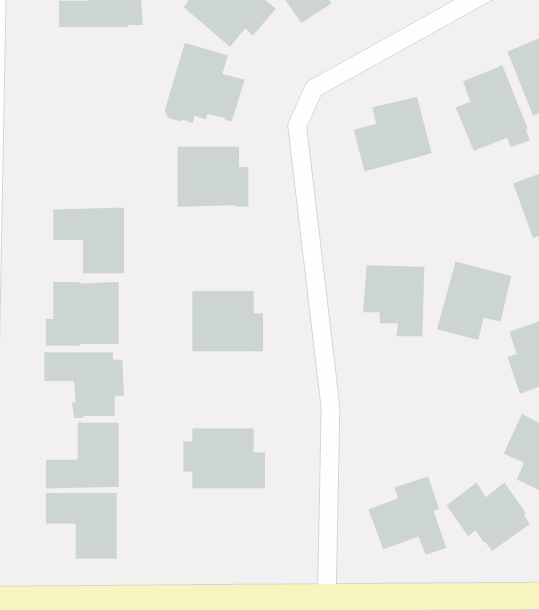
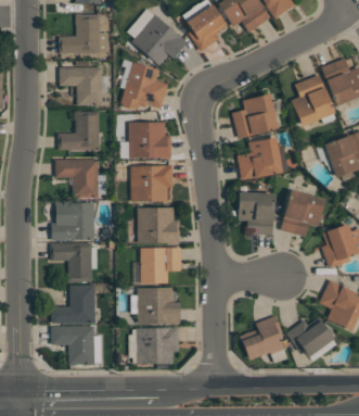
building: none -> [59,67,102,105]
building: none -> [57,111,99,150]
building: none -> [236,137,287,180]
building: none -> [130,166,172,202]
building: none -> [140,248,181,283]
building: none -> [128,327,178,364]

